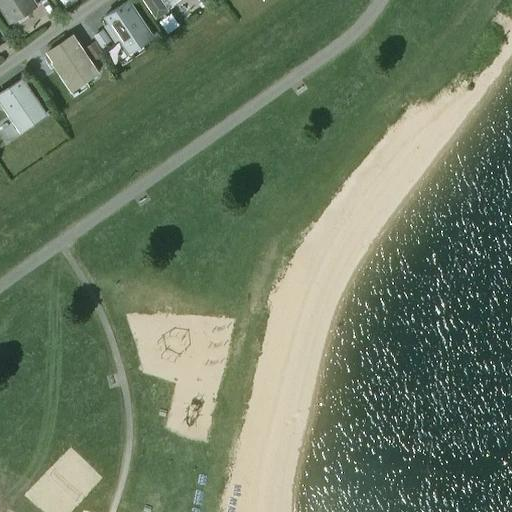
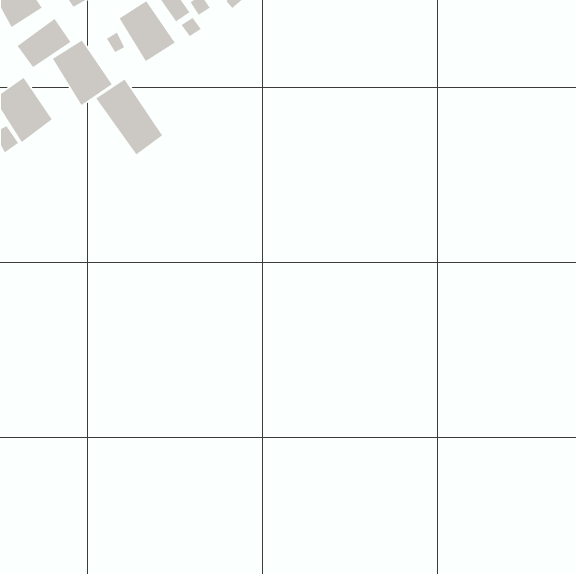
building: none -> [16,18,71,68]
building: none -> [95,78,163,156]

